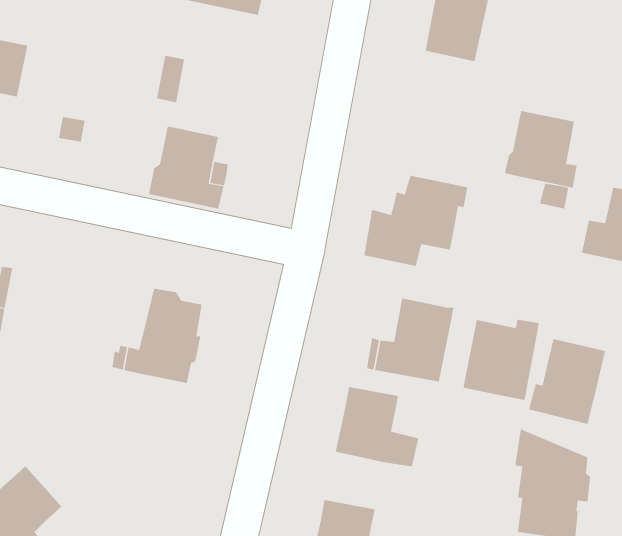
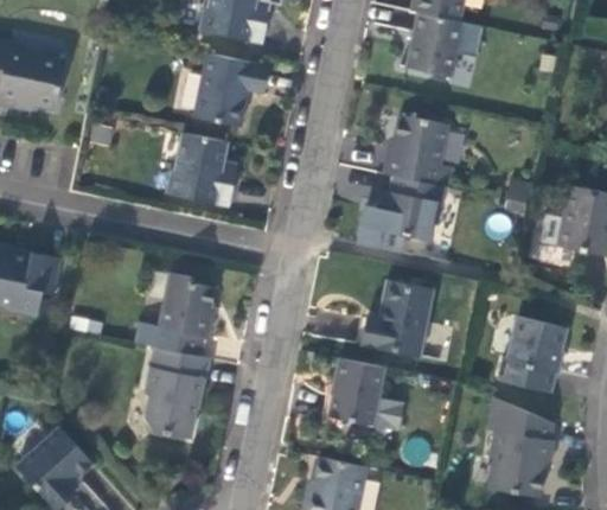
building: none -> [196,52,270,125]
building: [504,110,578,188] -> [385,117,449,185]
building: [463,319,539,401] -> none
building: none -> [146,346,210,436]

